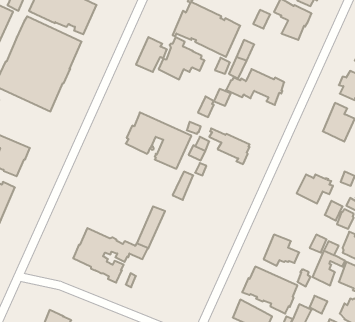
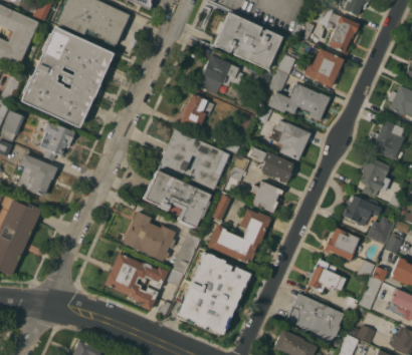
building: none -> [303,48,344,88]
building: [136,37,167,72] -> [180,93,213,130]
building: none -> [276,121,311,160]
building: none -> [40,122,75,160]
building: none -> [360,156,390,197]
building: none -> [143,170,210,228]
building: none -> [251,182,283,213]
building: none -> [207,209,270,265]
building: none -> [122,212,176,262]
building: none -> [324,227,362,261]
building: none -> [176,252,250,335]

